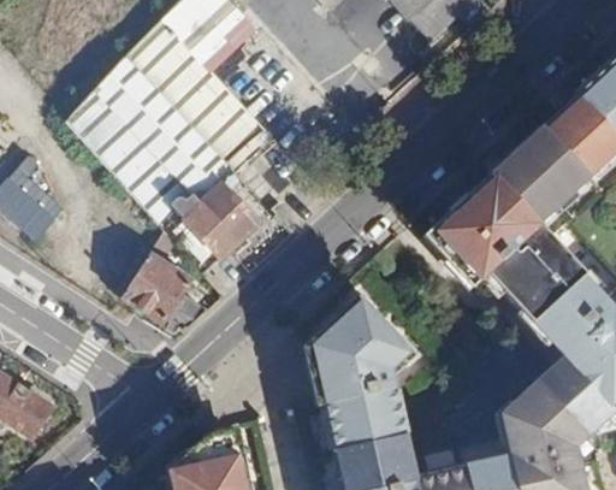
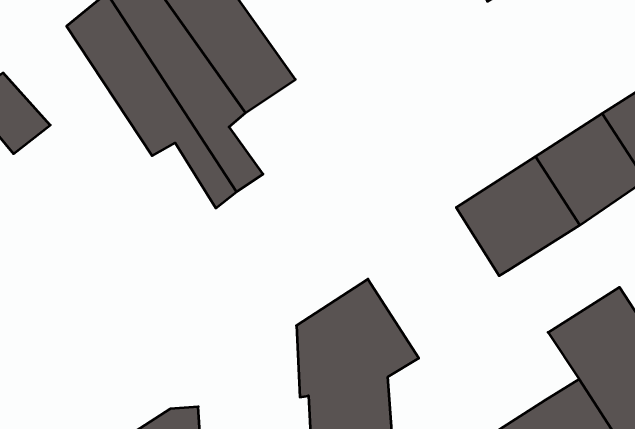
building: [482,222,581,319] -> none
building: [129,249,207,327] -> none

